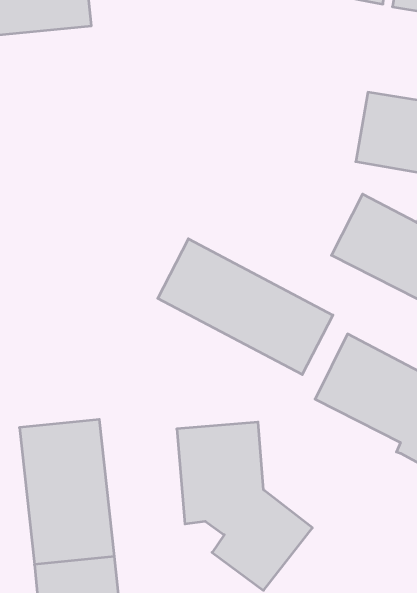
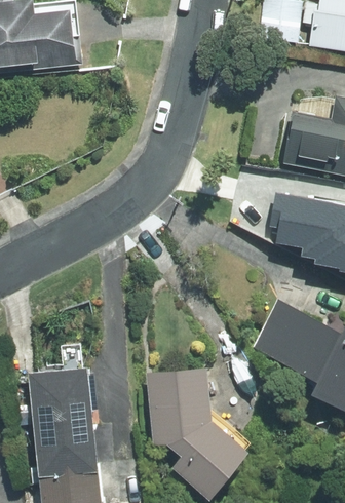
building: [158,239,333,375] -> none

